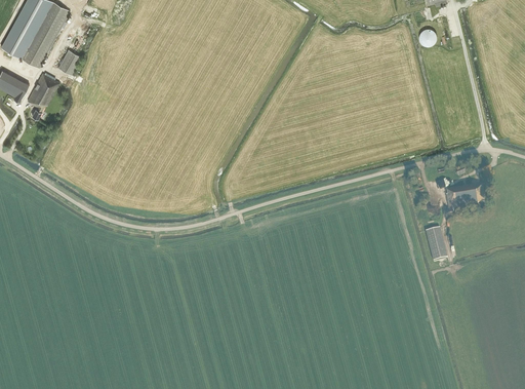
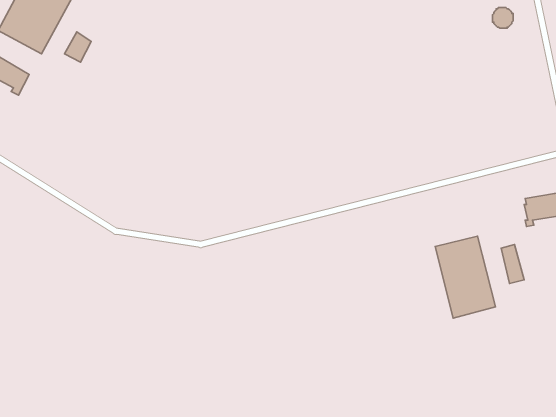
building: [27,72,58,118] -> none
building: none -> [435,236,496,318]

